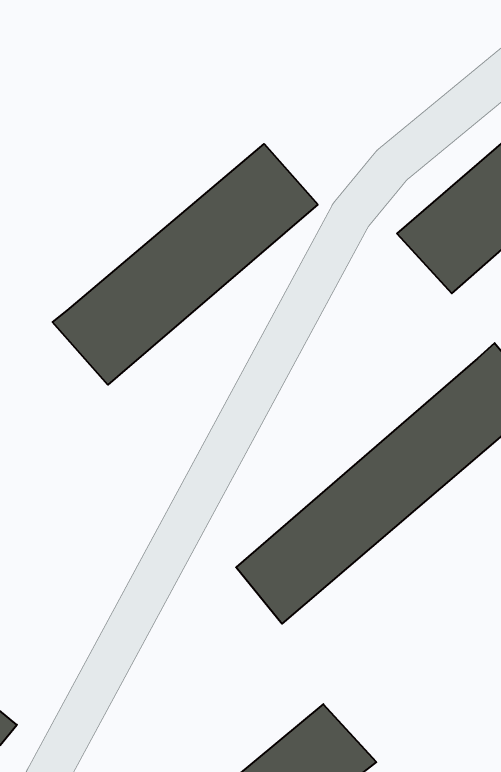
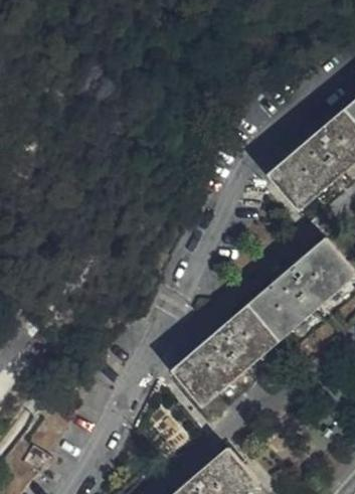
building: [53,144,318,385] -> none

